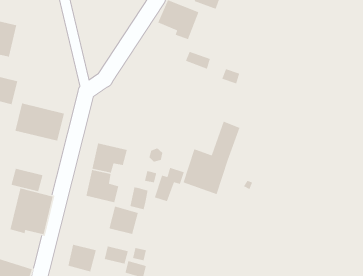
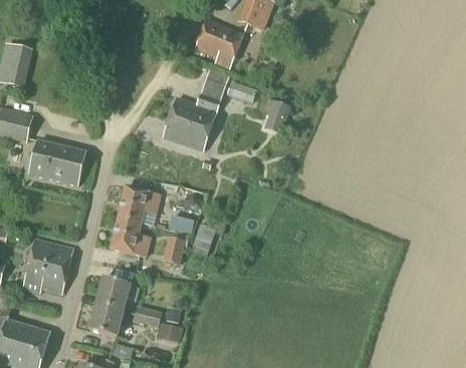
building: [183,121,240,195] -> [163,64,230,150]
building: [10,168,43,192] -> none
building: [109,206,139,235] -> [95,276,131,310]

